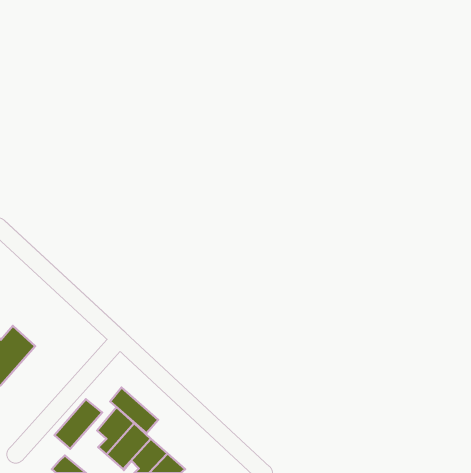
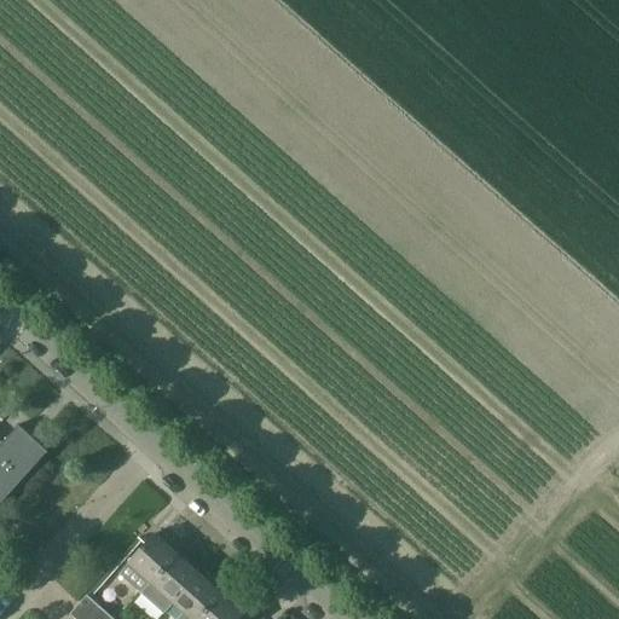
building: [110,387,158,433] -> none
building: [55,399,102,449] -> none

